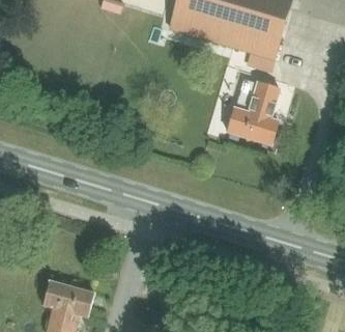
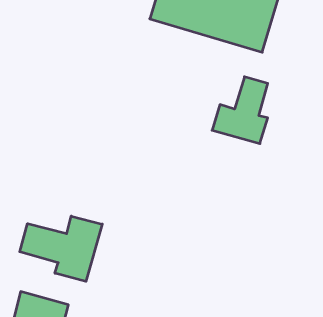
building: none -> [20,216,102,281]

